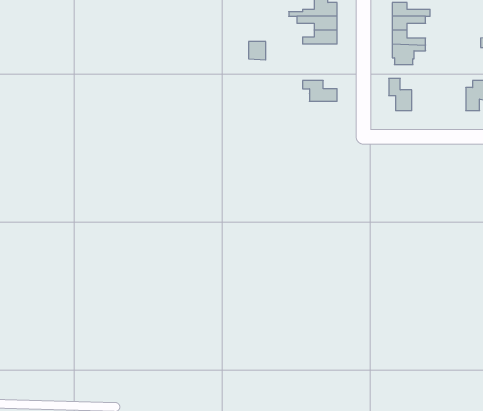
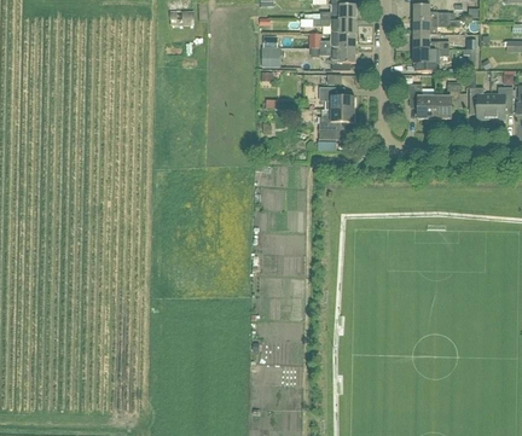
building: none -> [319,48,355,70]
building: none -> [434,85,459,118]
building: none -> [469,87,491,118]
building: none -> [319,109,355,140]

